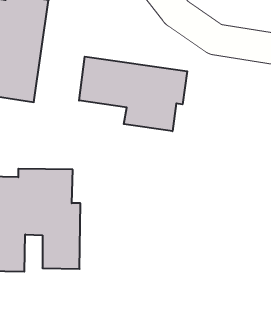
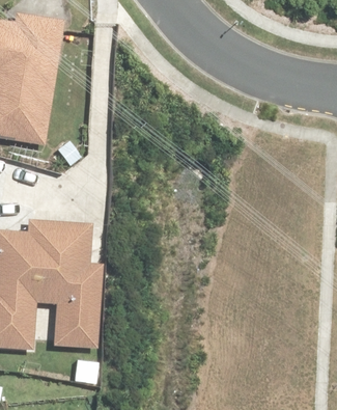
building: [79,57,187,131] -> none

